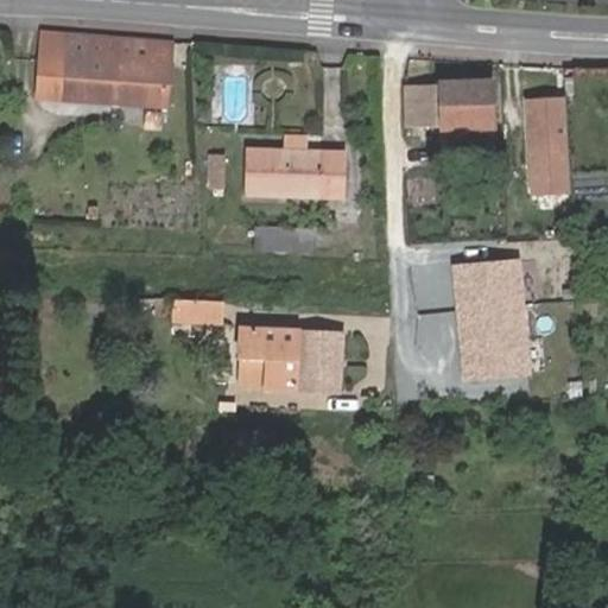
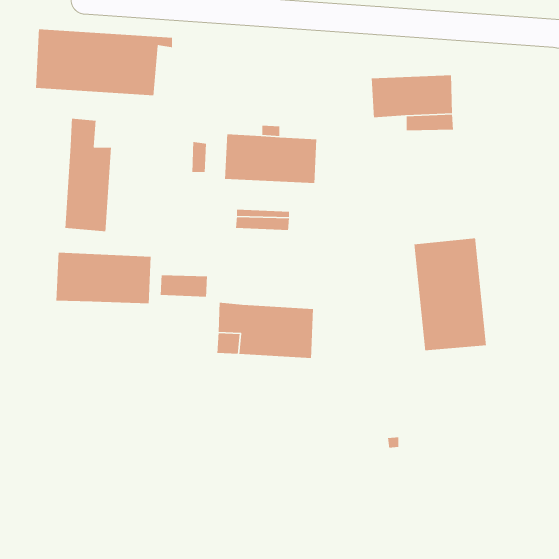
building: [527,99,570,196] -> none
building: none -> [65,118,112,232]
building: none -> [56,252,152,304]

